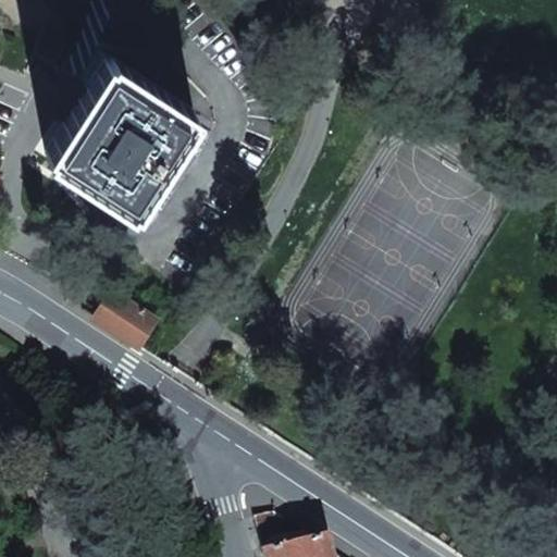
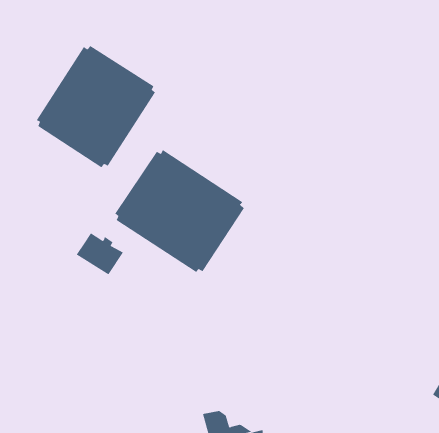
building: none -> [115,149,244,273]

